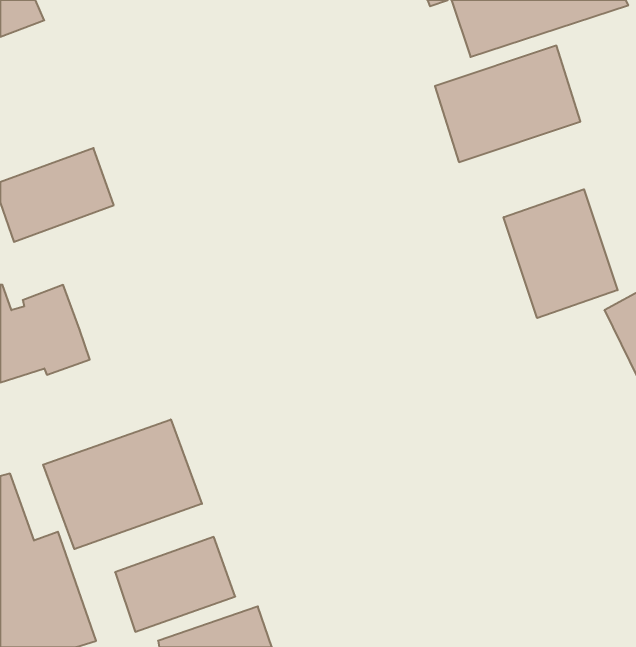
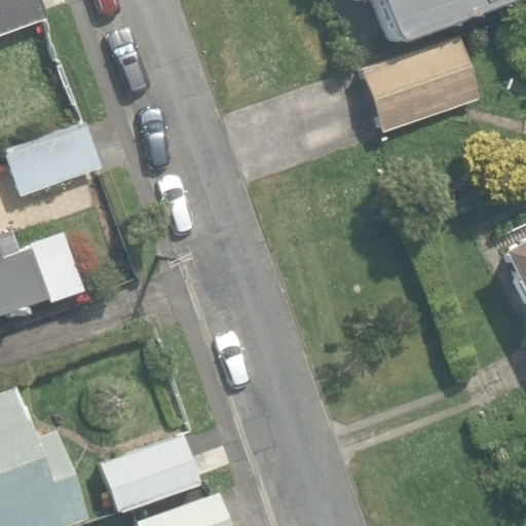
building: [504,189,618,318] -> none
building: [43,419,202,549] -> none

